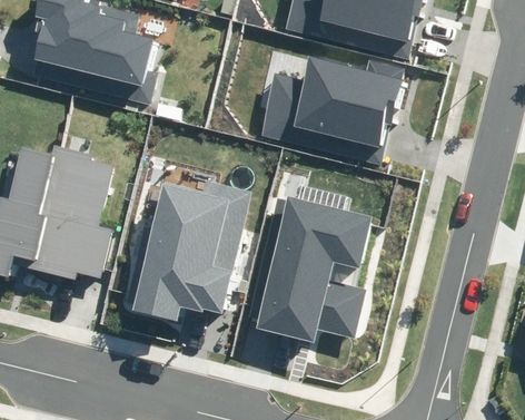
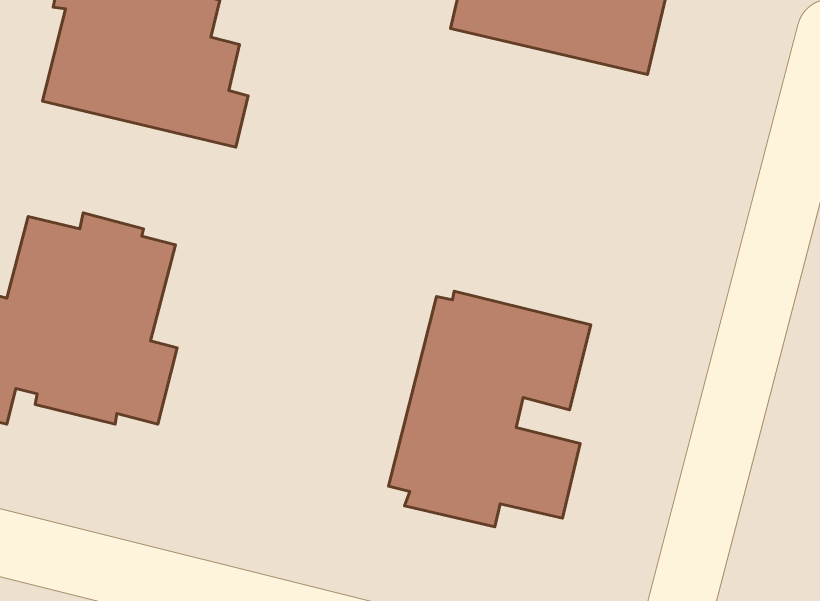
building: [261,56,407,163] -> none
building: [131,179,251,321] -> none

